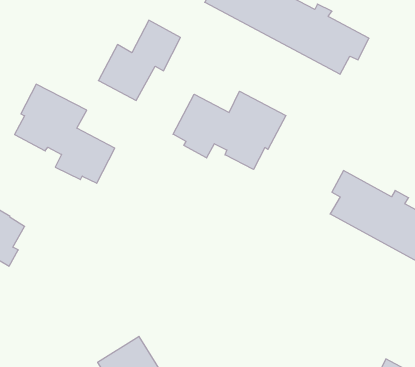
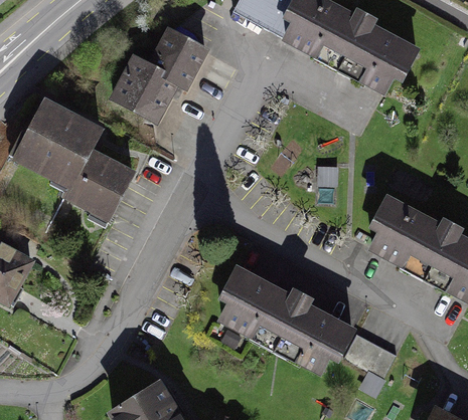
building: [173,91,286,169] -> none
building: none -> [222,267,352,368]
building: none -> [343,331,397,377]

